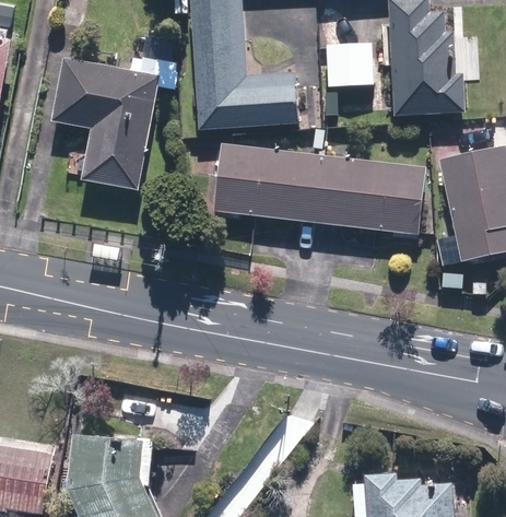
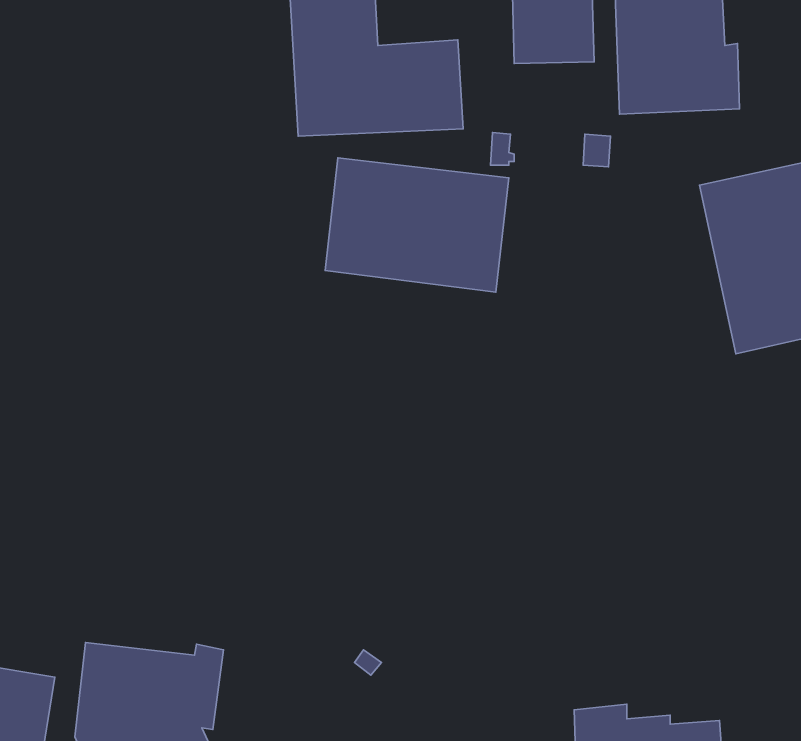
building: [49,54,181,190] -> none
building: [317,154,425,234] -> none

